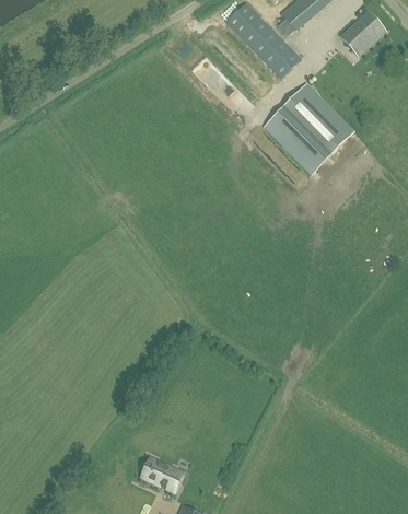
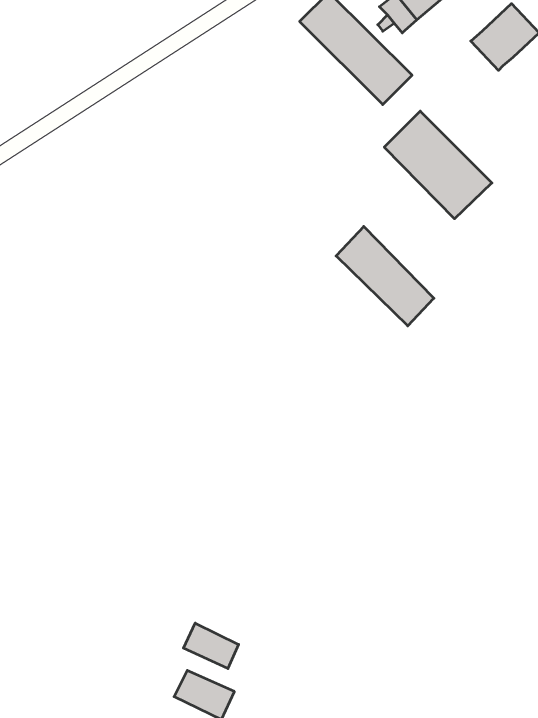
building: [264,107,329,174] -> [336,226,434,326]
building: none -> [183,623,239,669]

